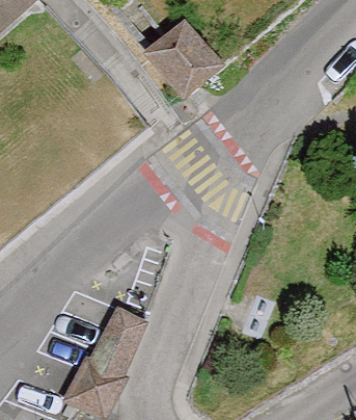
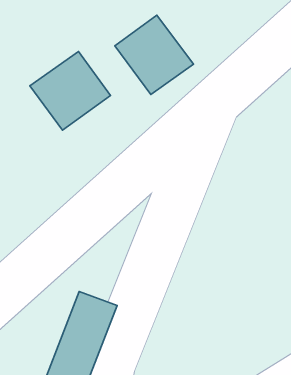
building: none -> [30,51,111,130]

